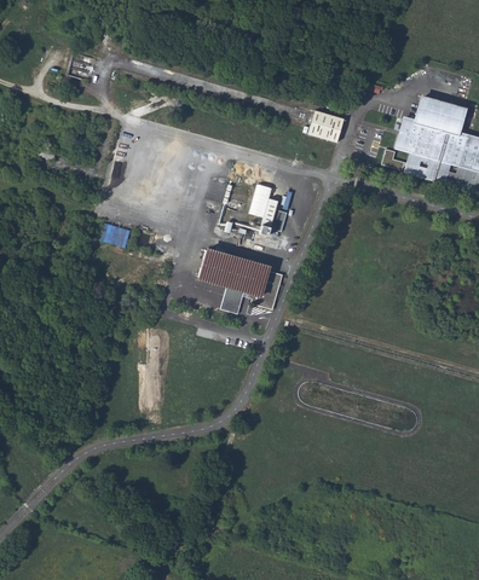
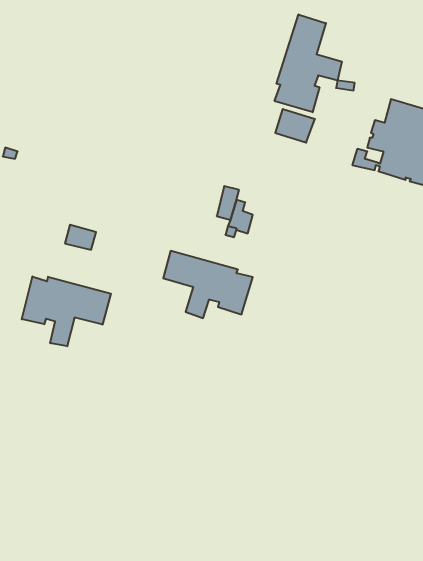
building: none -> [275,14,342,112]
building: none -> [22,276,111,346]

